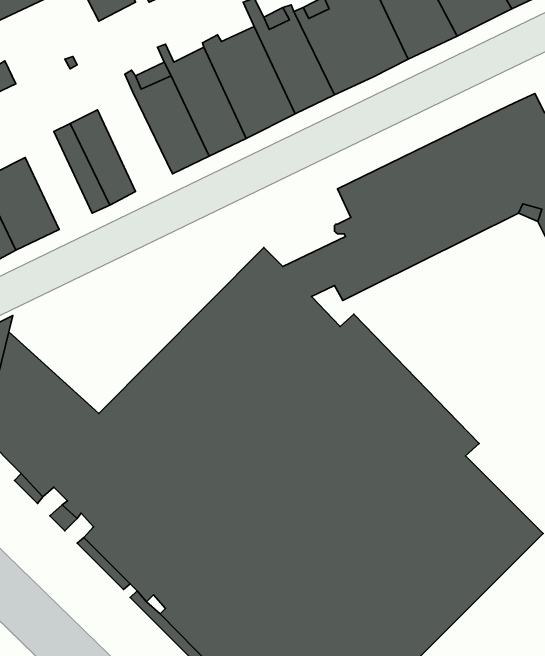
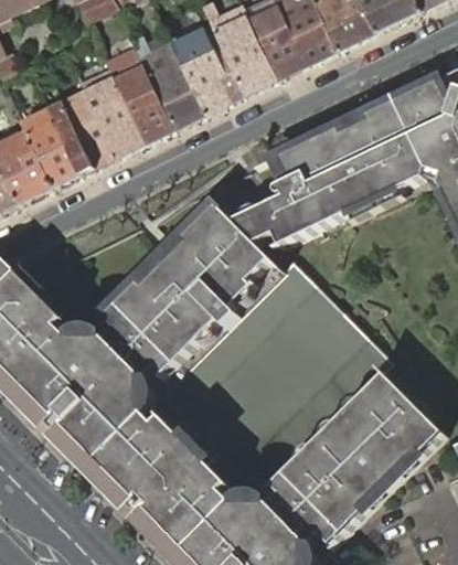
building: none -> [76,76,141,157]
building: none -> [18,108,76,188]

